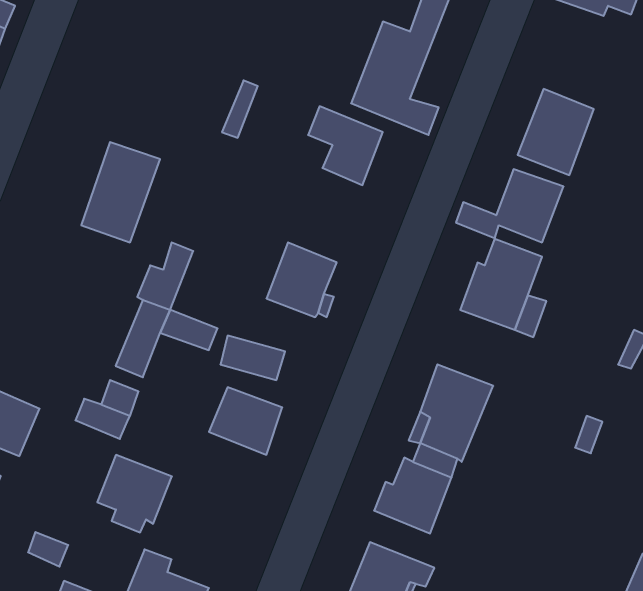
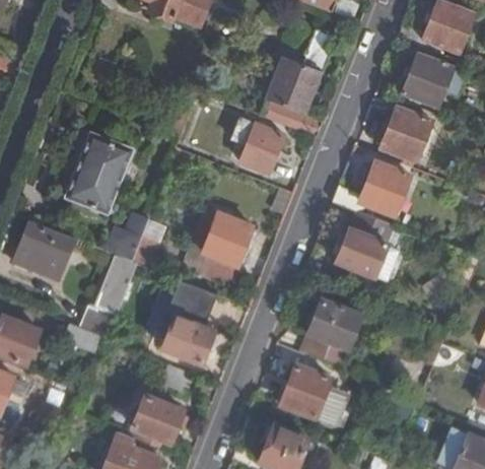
building: none -> [400,52,454,107]
building: none -> [17,219,75,281]
building: [97,455,172,532] -> [130,394,183,449]

